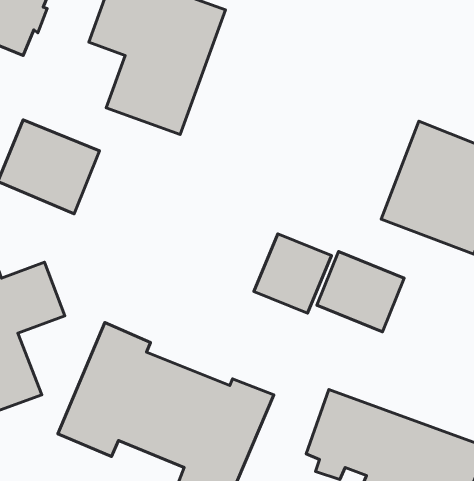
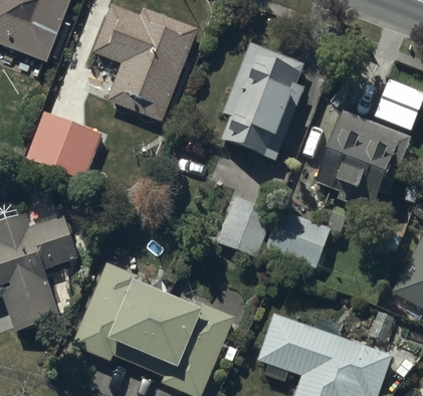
building: none -> [220,44,304,161]

